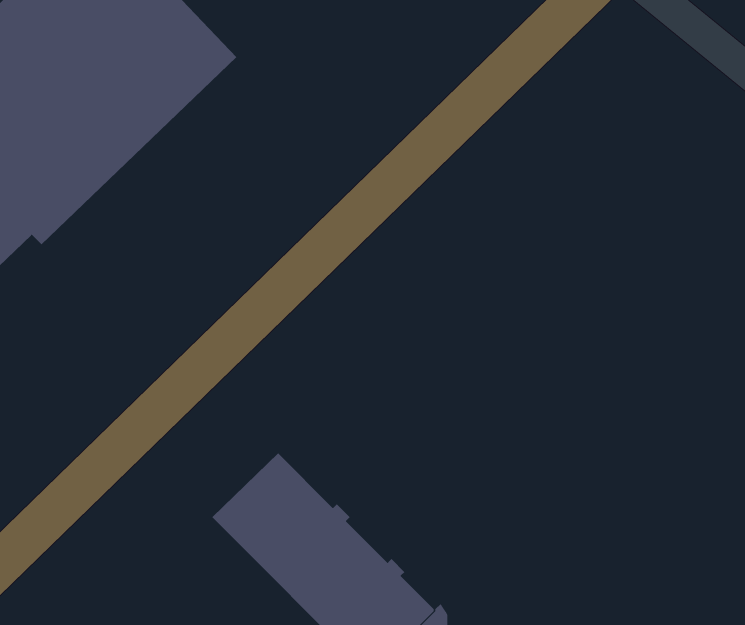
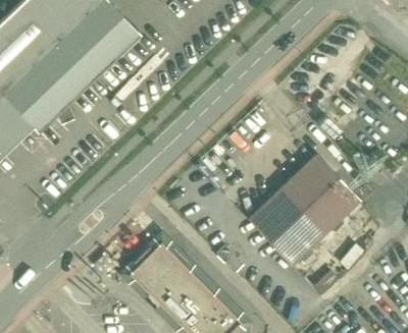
building: none -> [249,156,359,265]

